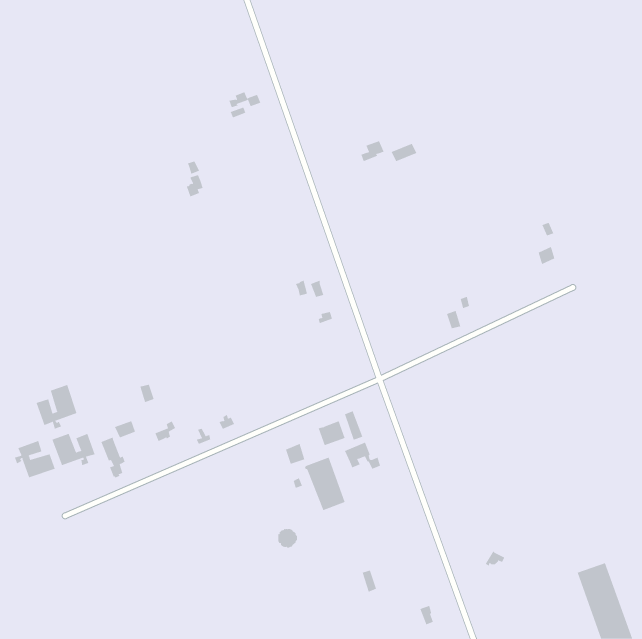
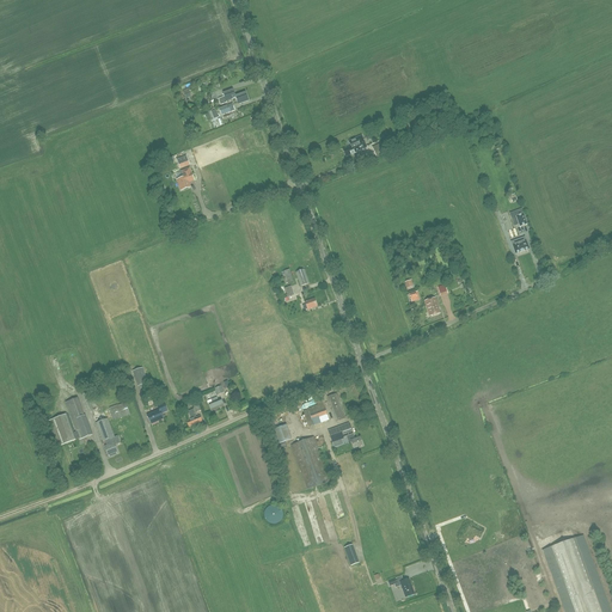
building: [36,384,77,429] -> none
building: [14,440,55,478] -> none

